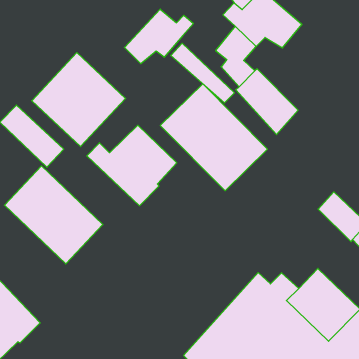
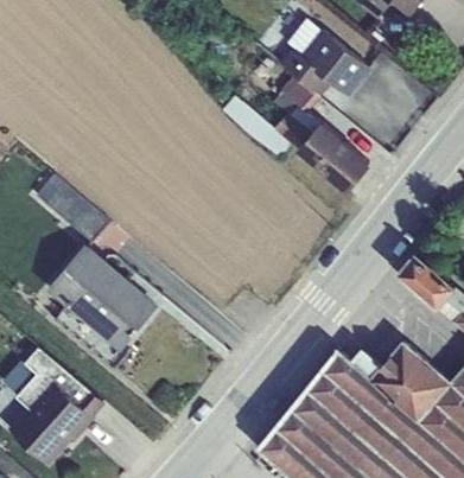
building: [124,9,193,64] -> none
building: [32,53,126,147] -> none
building: [160,84,267,191] -> none
building: [87,125,177,206] -> none

